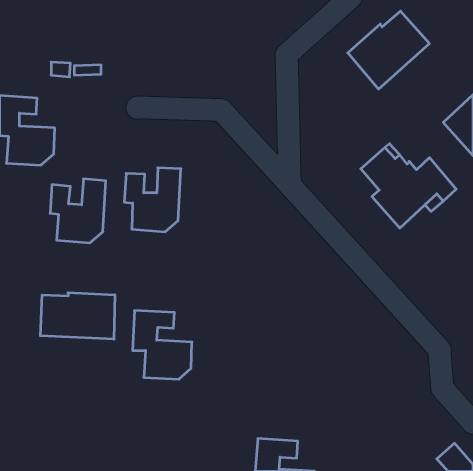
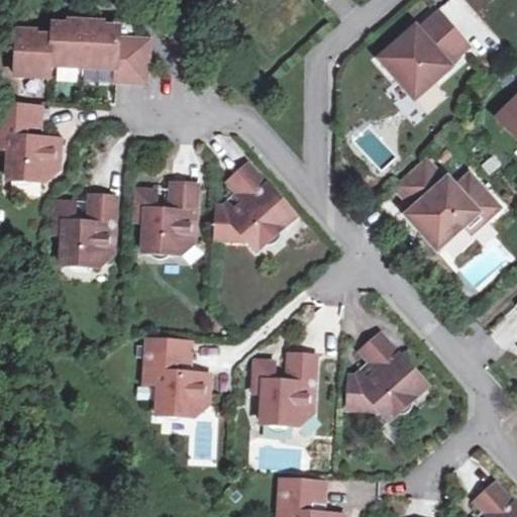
building: none -> [15,19,146,81]
building: none -> [216,164,294,247]
building: [40,293,115,339] -> none
building: none -> [348,332,426,418]
building: none -> [253,352,314,422]

